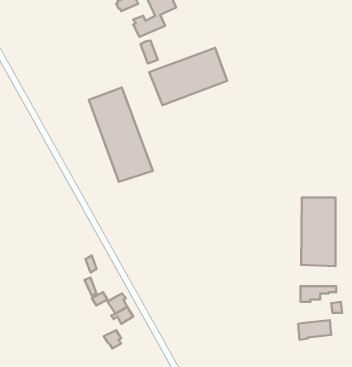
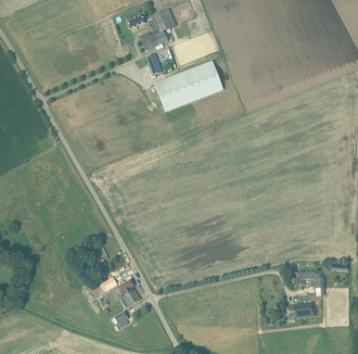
building: [89,88,153,182] -> none
building: [301,197,336,266] -> none

